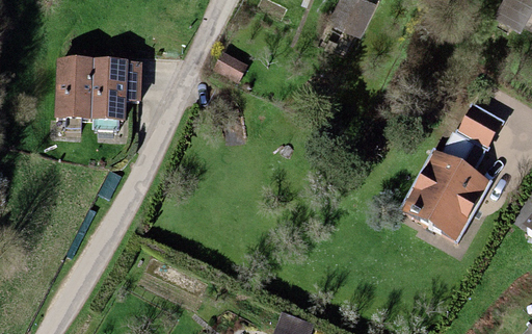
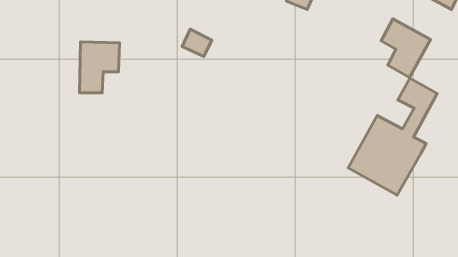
building: none -> [381,19,431,78]
building: [58,65,96,123] -> none

